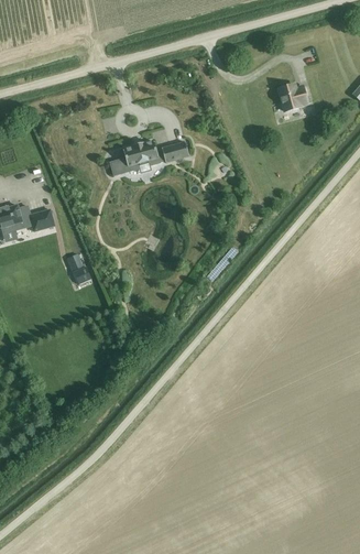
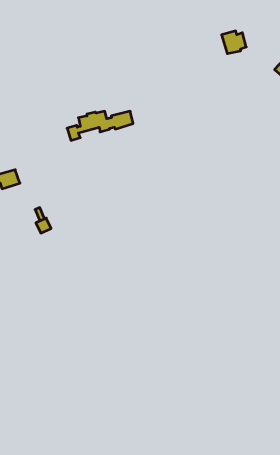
building: [279,85,307,111] -> [222,31,246,54]

